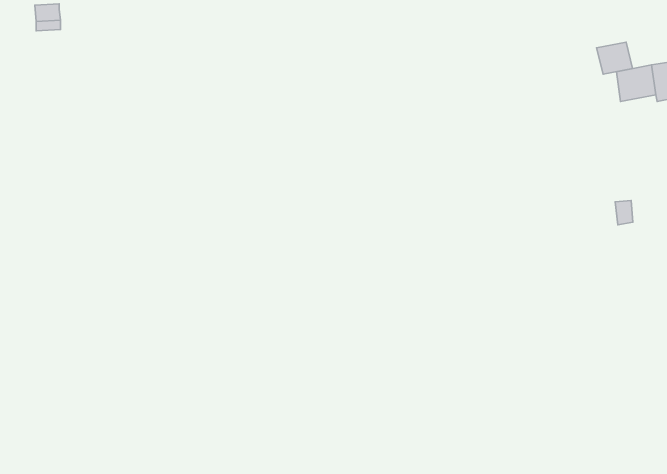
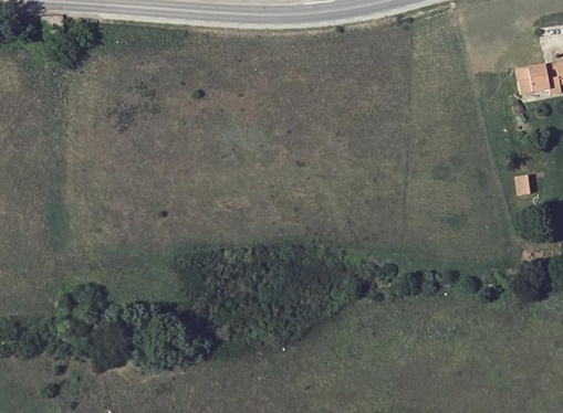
building: [597,42,633,74] -> none

